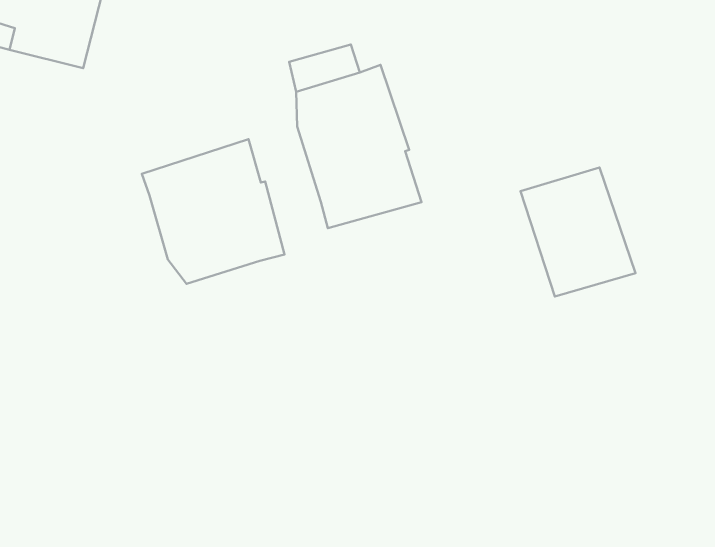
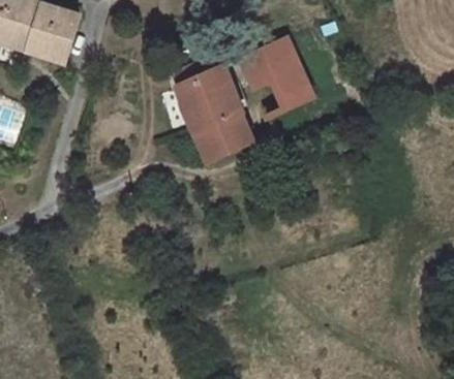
building: [142,139,284,284] -> none
building: [521,168,635,296] -> [245,41,313,116]

